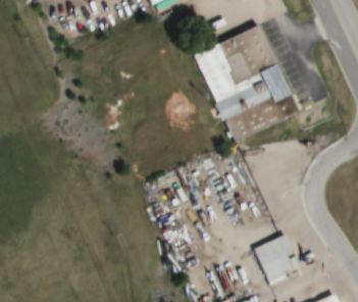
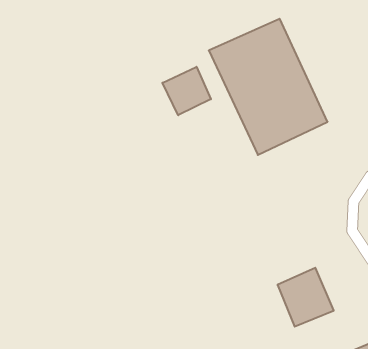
building: none -> [162,67,211,115]

